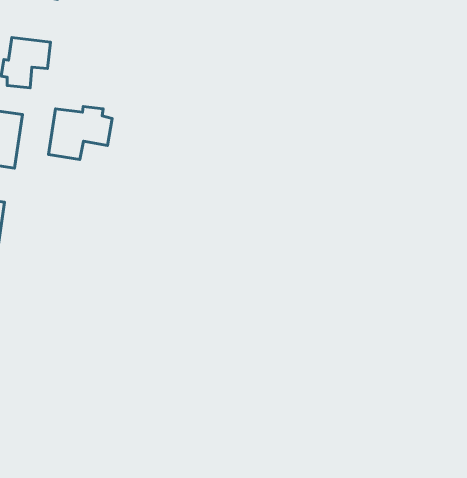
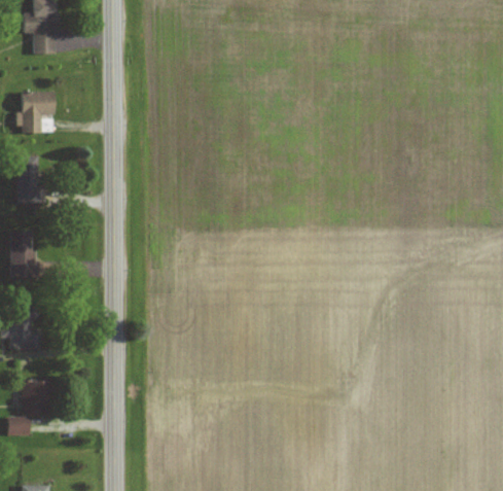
building: [49,106,112,159] -> none

